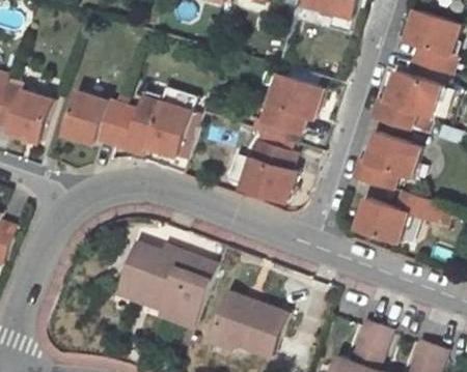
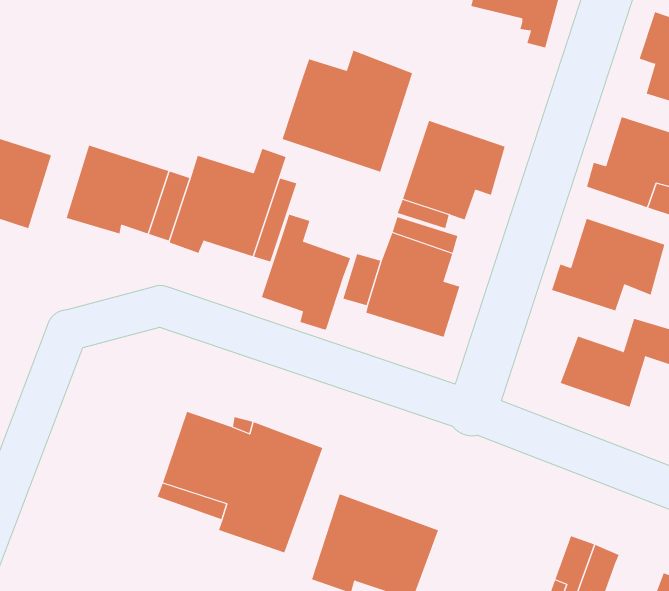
building: none -> [282,50,413,173]
building: none -> [261,214,351,331]

